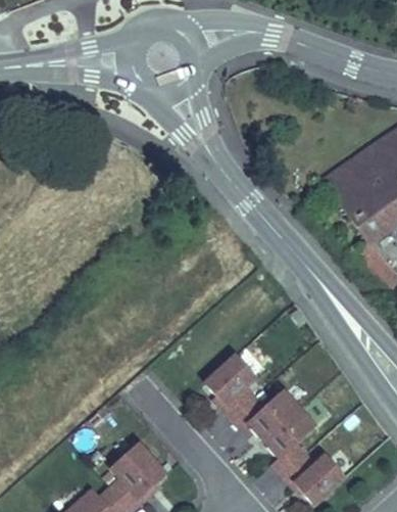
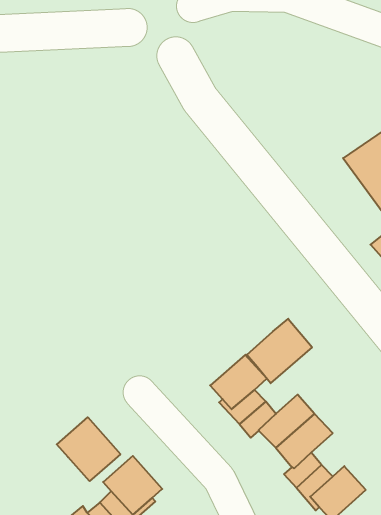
building: none -> [247,319,312,383]
building: none -> [57,417,120,481]

